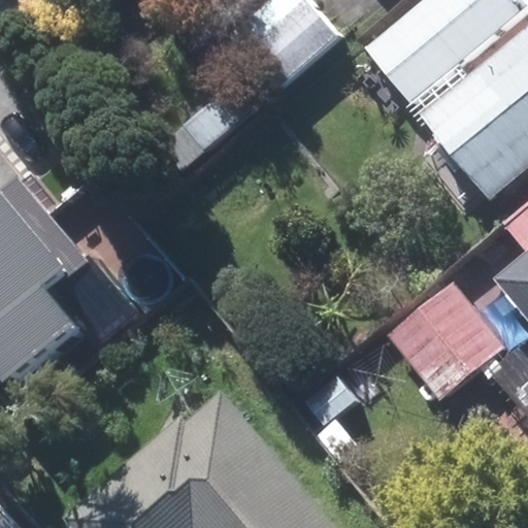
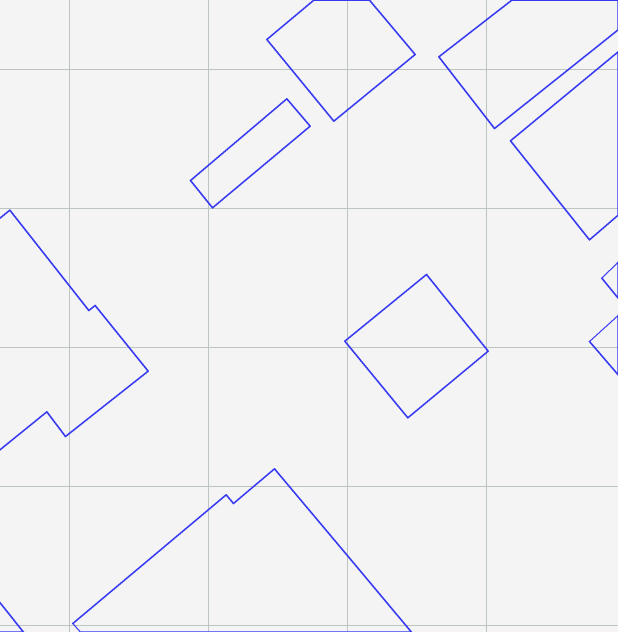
building: [383,280,502,400] -> [345,274,488,418]

